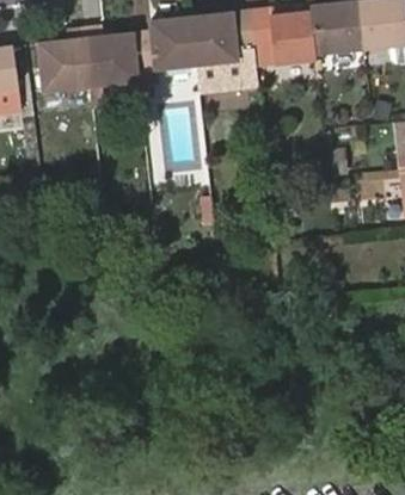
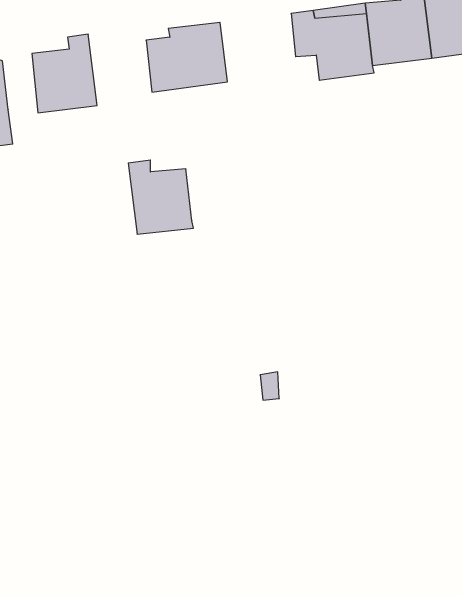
building: [191,12,252,67] -> none
building: [85,26,137,86] -> [128,160,193,234]

